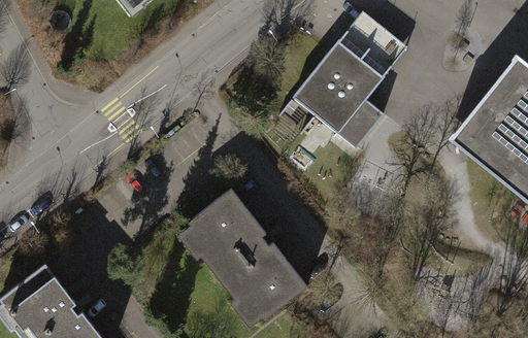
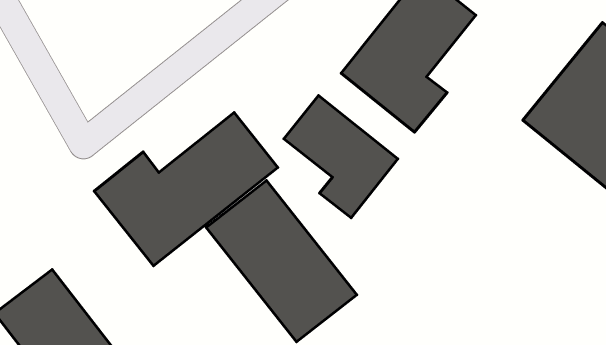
building: none -> [284,95,398,218]
building: none -> [94,113,278,266]

